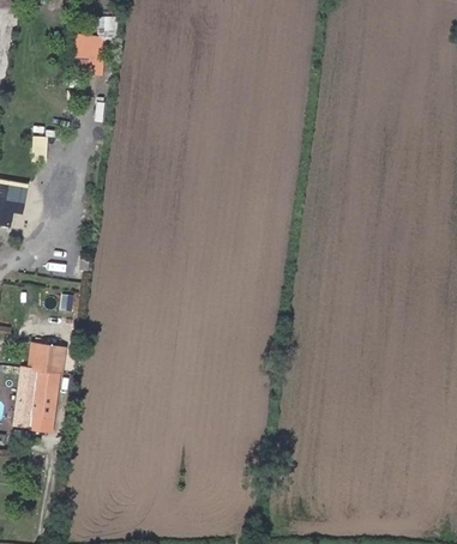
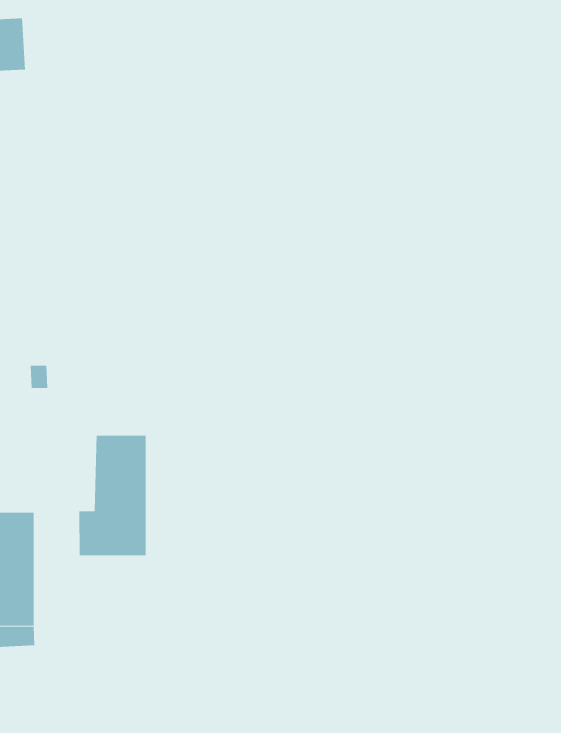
building: none -> [79,435,146,556]

